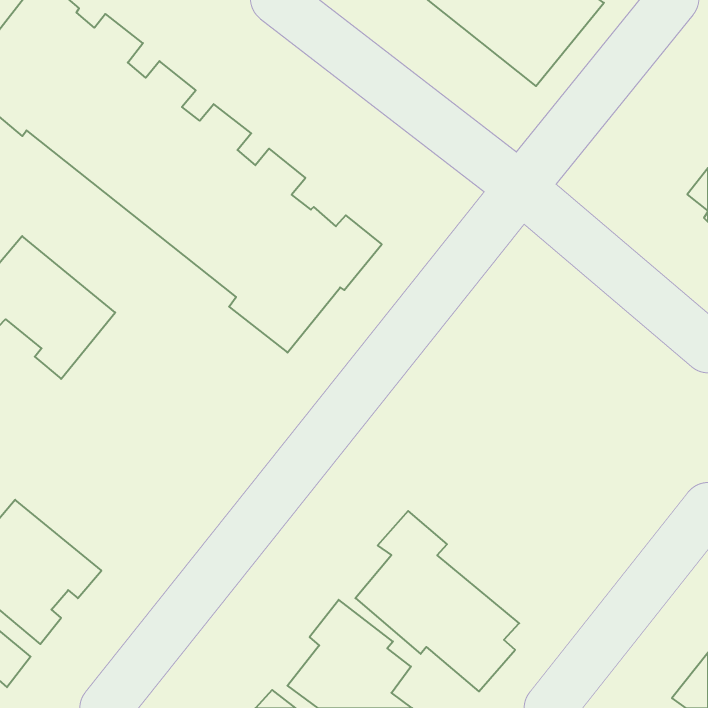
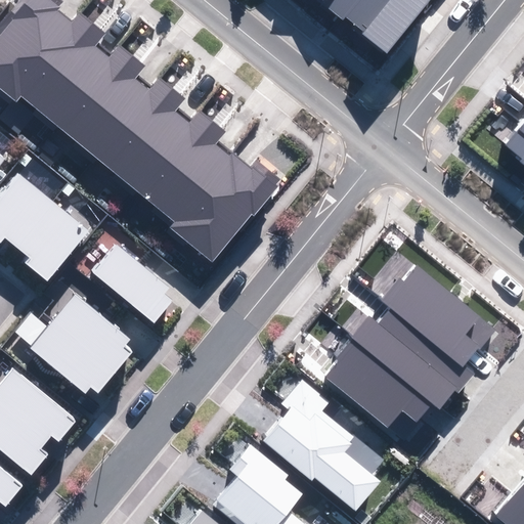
building: none -> [92,244,172,322]
building: none -> [326,262,494,428]
building: none -> [13,293,129,393]

